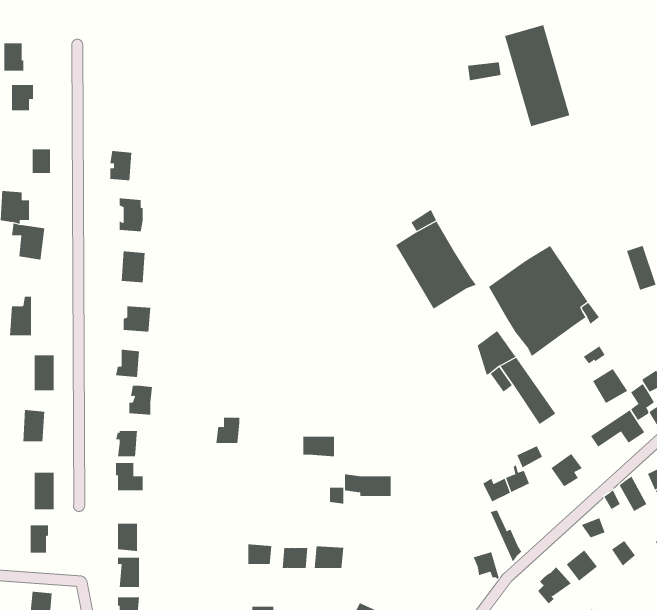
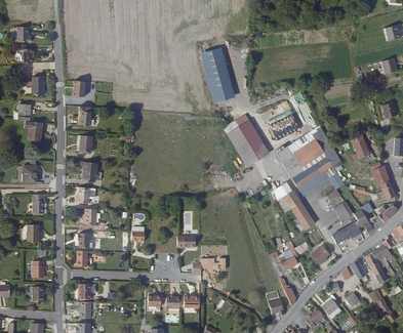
building: [504,25,570,127] -> [200,46,236,101]

